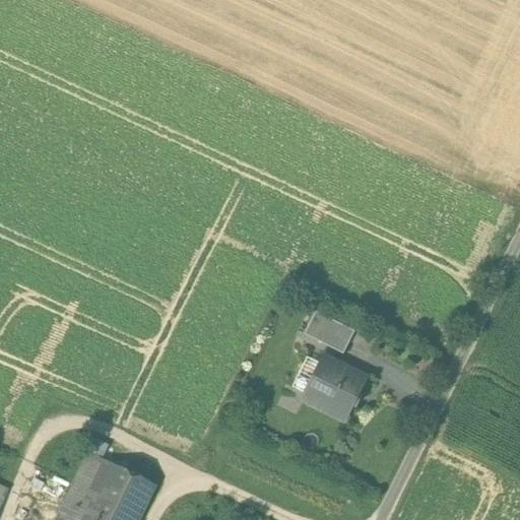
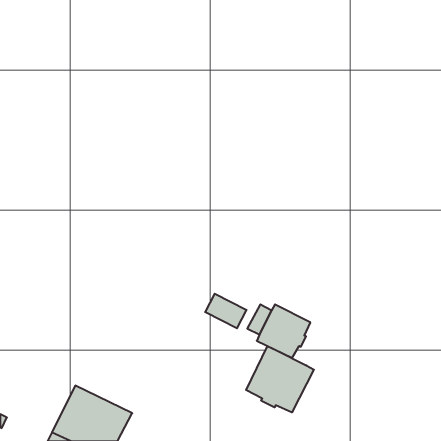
building: [306,313,354,353] -> [205,294,247,328]
building: none -> [246,346,314,412]

